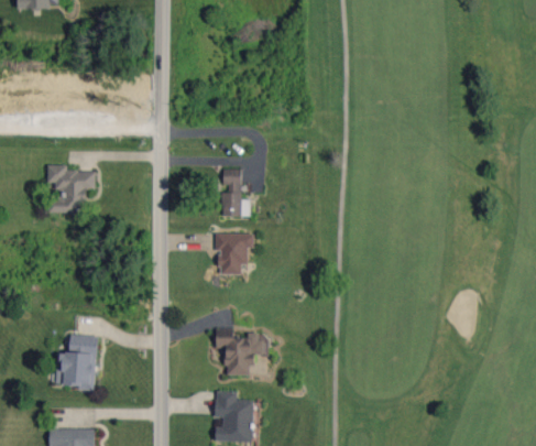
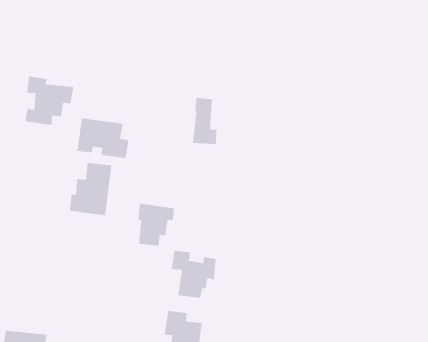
building: none -> [77,117,129,159]
building: [216,232,253,274] -> [137,203,175,246]
building: [56,335,96,388] -> [69,162,112,216]

